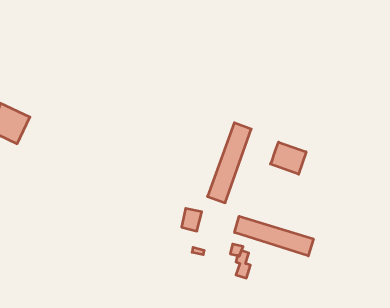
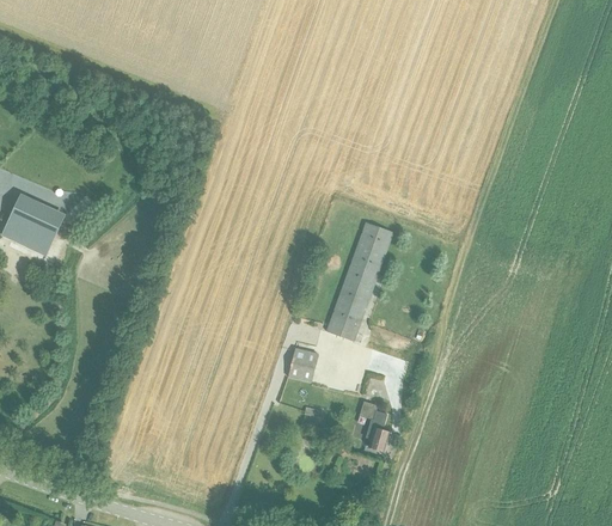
building: [270,142,306,174] -> none
building: [235,216,313,256] -> none

